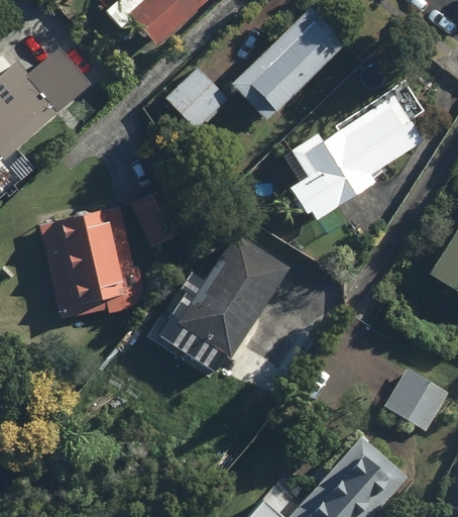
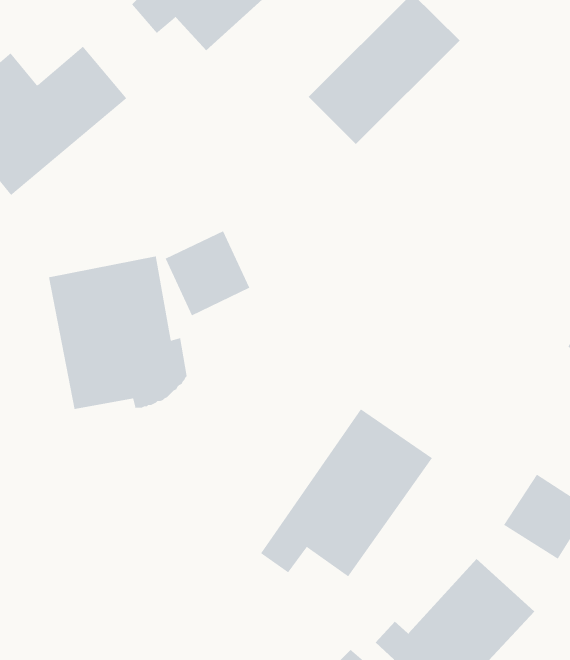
building: [163,66,228,131] -> none
building: [289,94,422,222] -> none
building: [163,230,294,357] -> [260,409,433,577]

